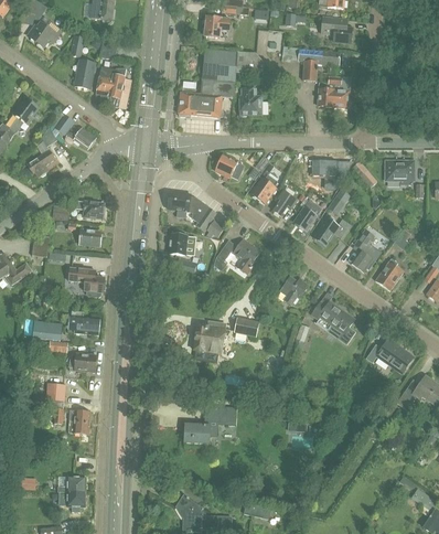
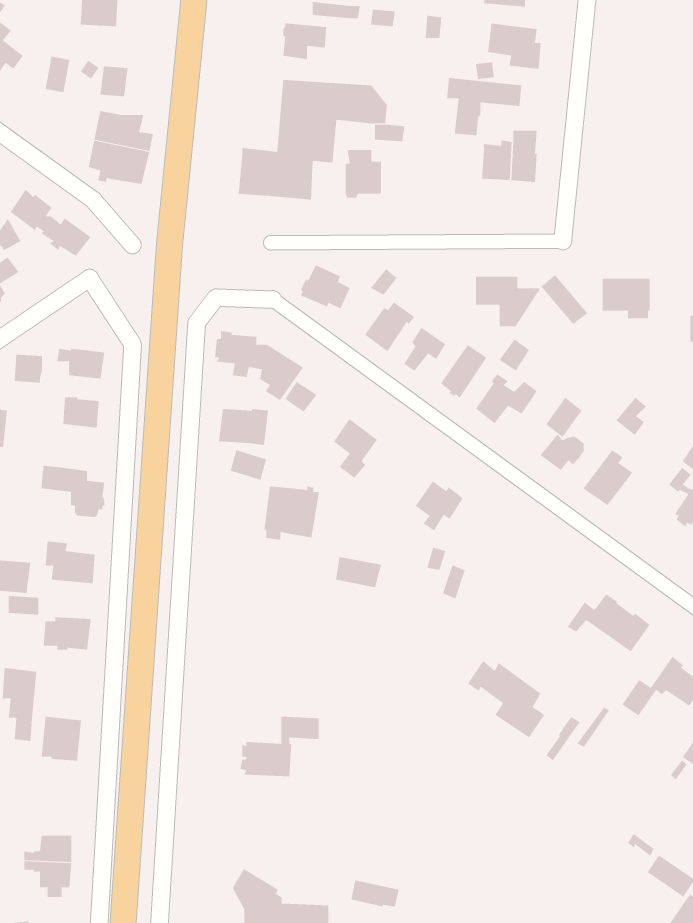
building: [74,58,95,88] -> none
building: [311,299,355,343] -> [467,660,545,738]
building: [192,323,224,354] -> [263,486,320,540]

